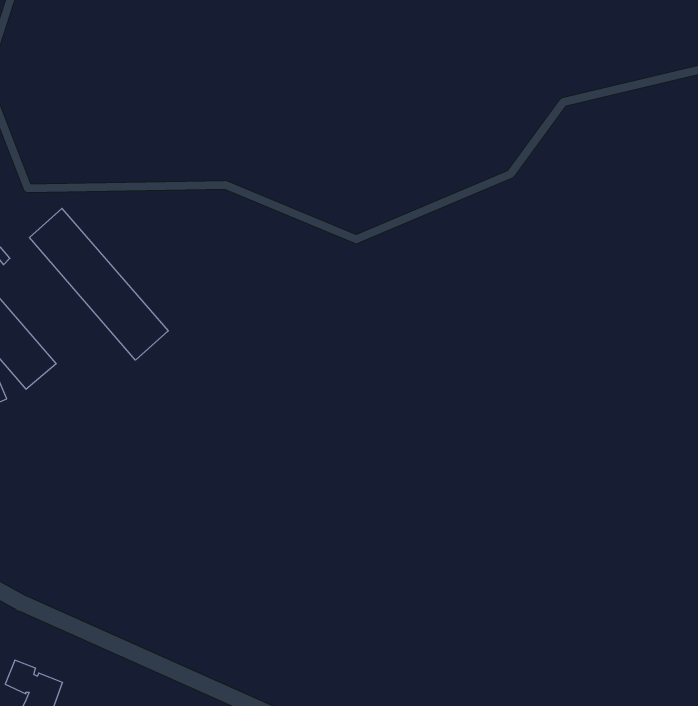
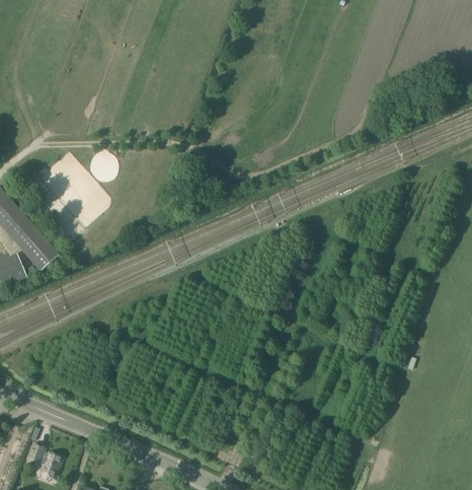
building: [29,208,168,360] -> none

